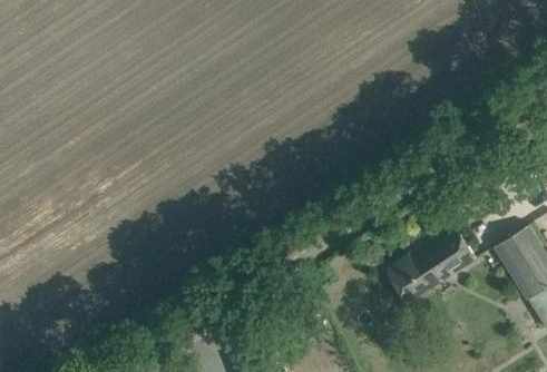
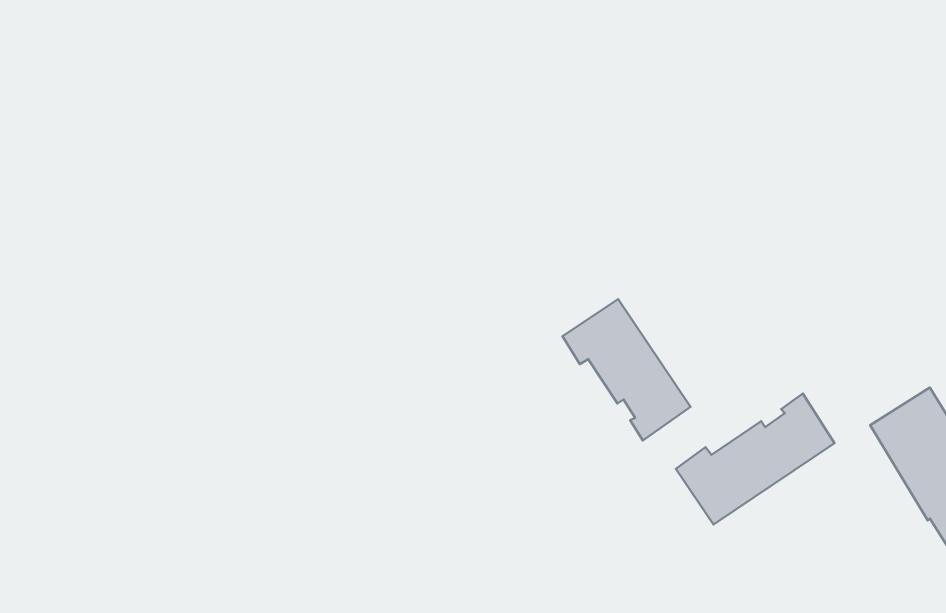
building: none -> [563,299,691,440]

